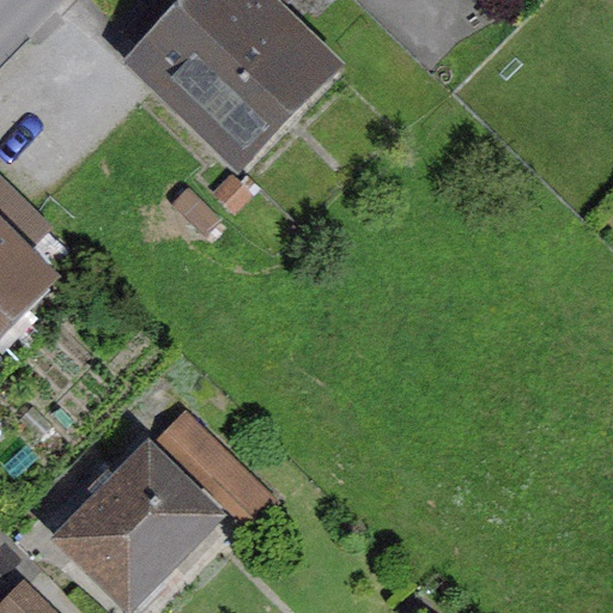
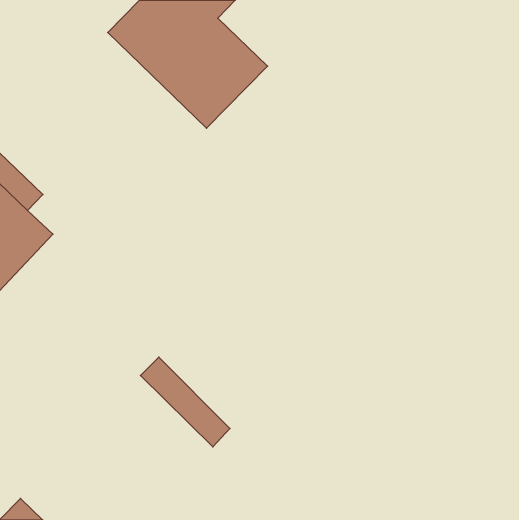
building: [65,459,210,603] -> none

